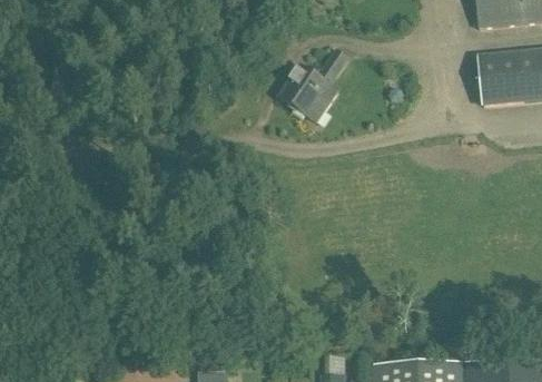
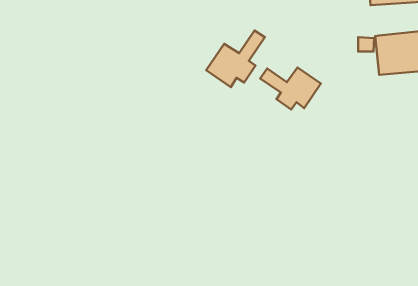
building: none -> [260,68,321,110]

